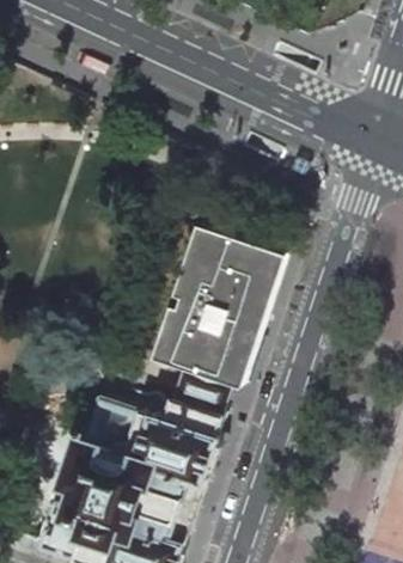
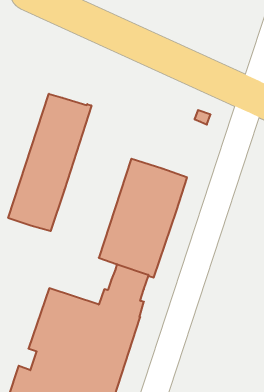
building: none -> [8,94,91,231]

